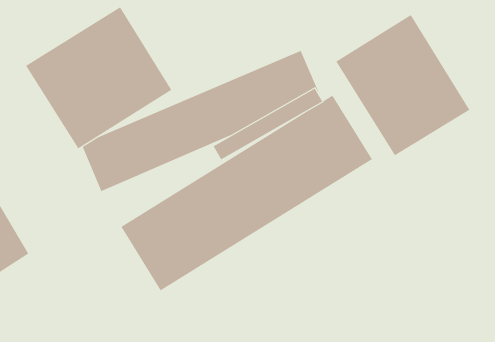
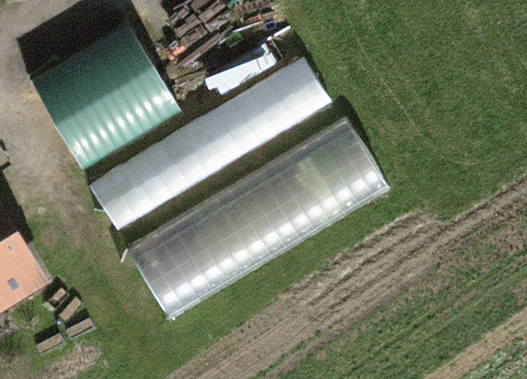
building: [335,14,470,156] -> none

